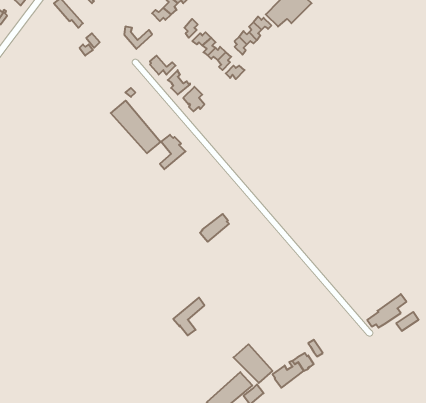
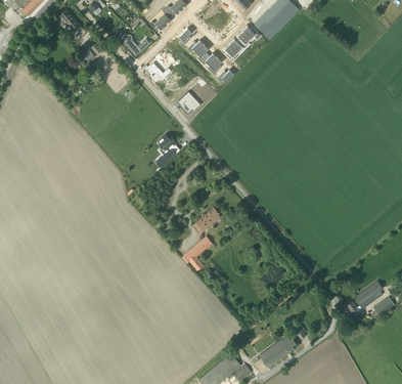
building: [111,101,161,153] -> none
building: [173,298,204,335] -> [183,236,212,270]
building: [233,344,272,383] -> none

